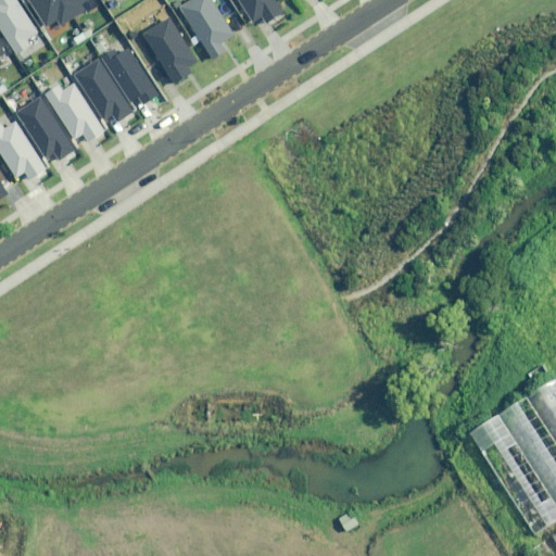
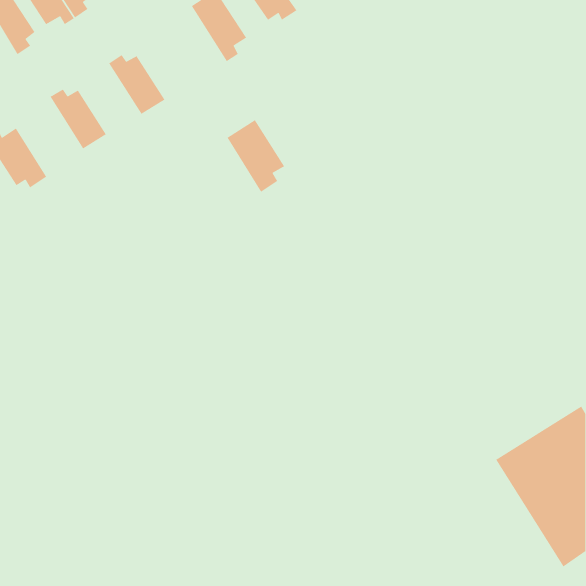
building: [143,16,199,86] -> [226,119,285,193]
building: [76,60,134,119] -> none
building: [21,91,78,151] -> none

